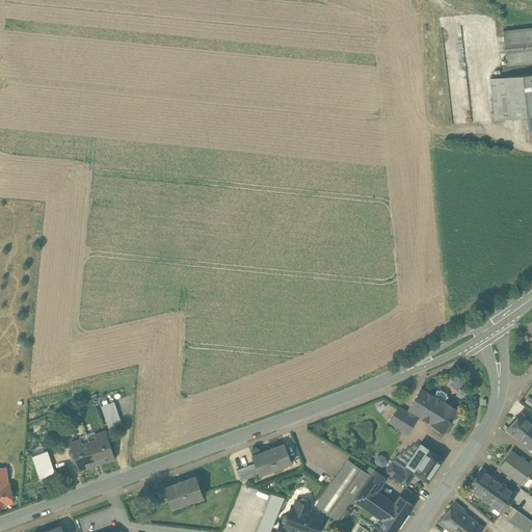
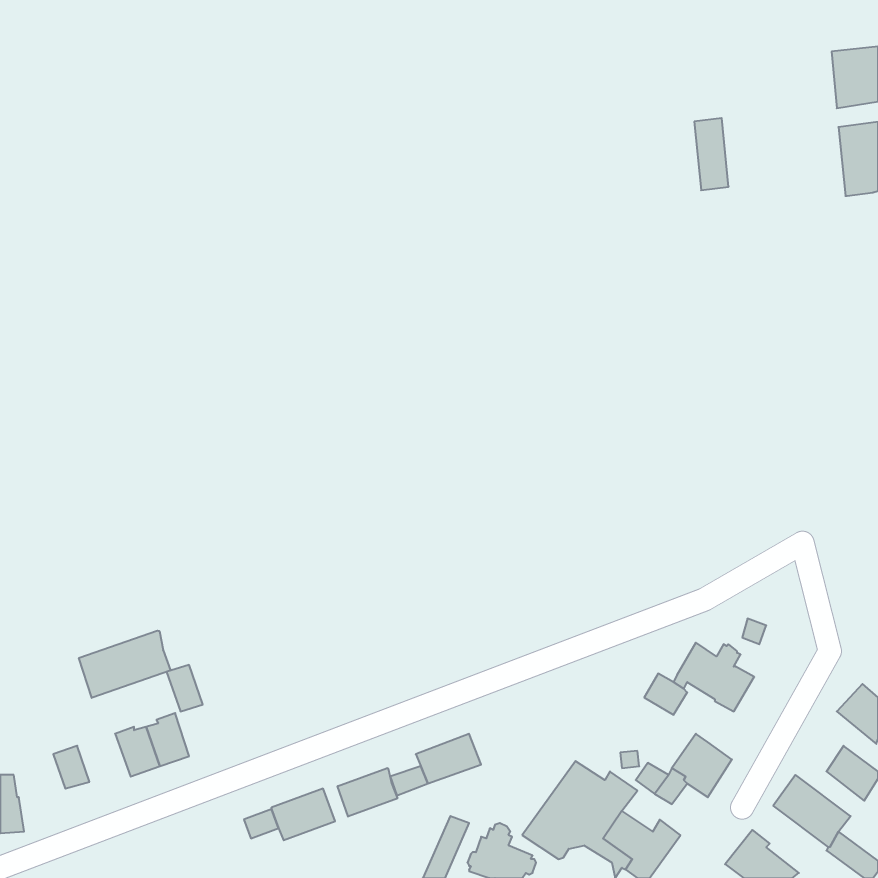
building: [490,77,511,121] -> [694,118,729,190]
building: none -> [79,631,170,698]
building: none -> [338,768,397,817]

